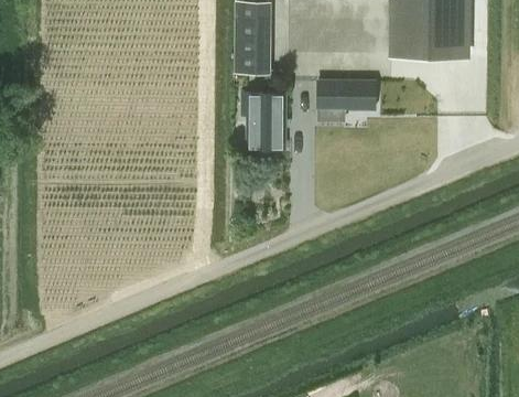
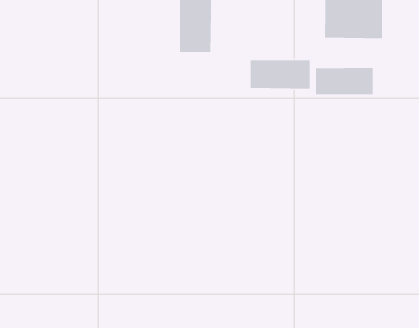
building: none -> [315,67,373,95]
building: [242,93,284,149] -> none

